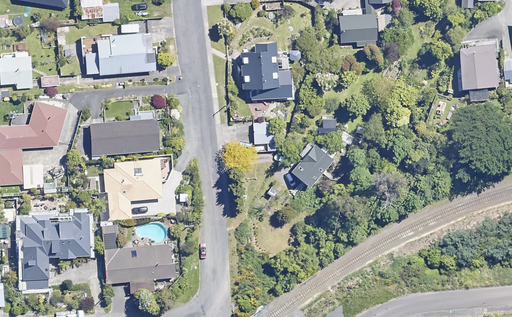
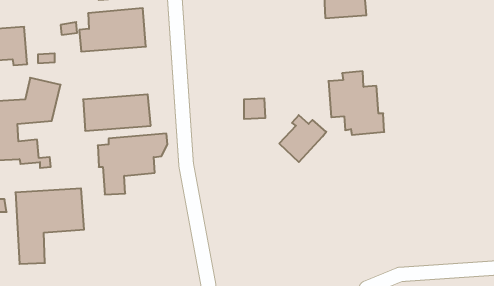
building: [455,38,500,101] -> none
building: [238,39,295,104] -> [328,71,384,135]
building: [101,225,172,294] -> none

